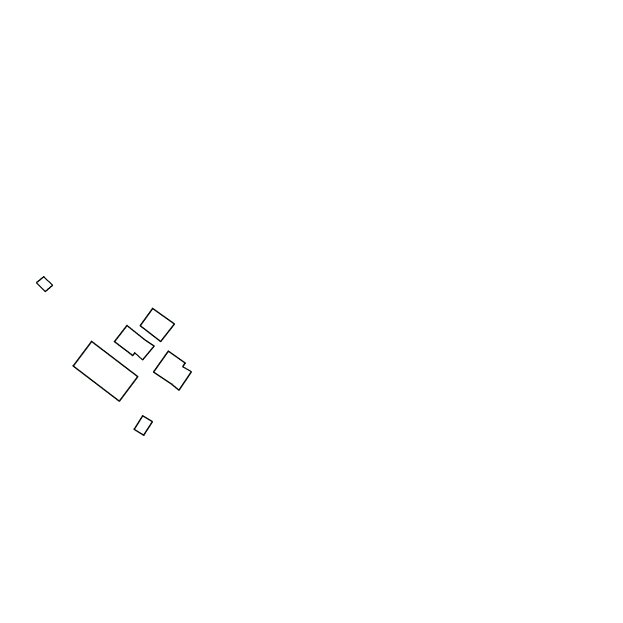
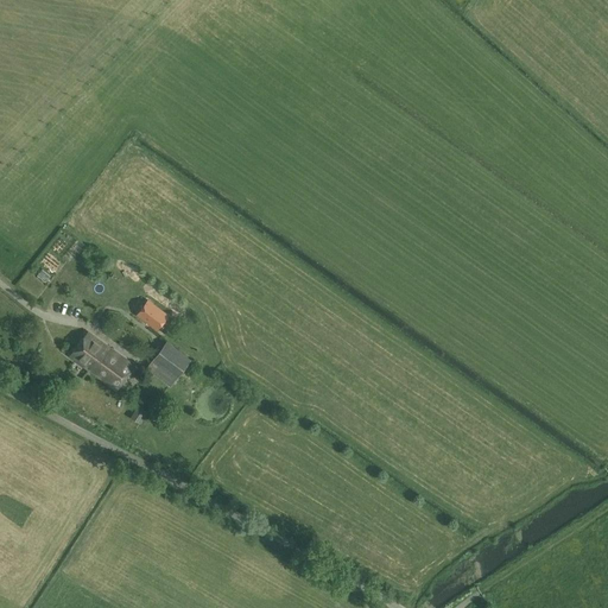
building: [114,325,154,360] -> none

